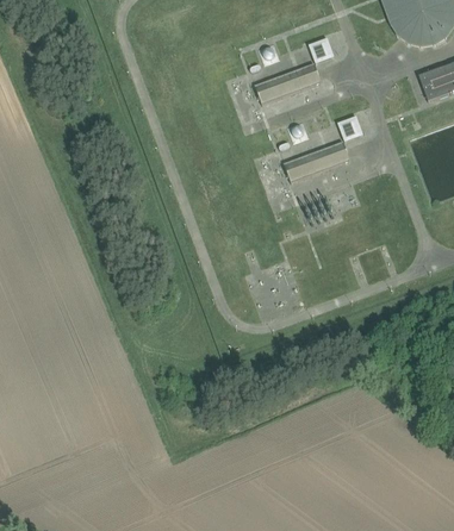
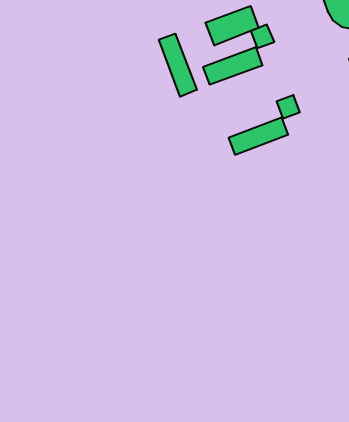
building: none -> [205,6,259,46]
building: none -> [159,34,197,97]

